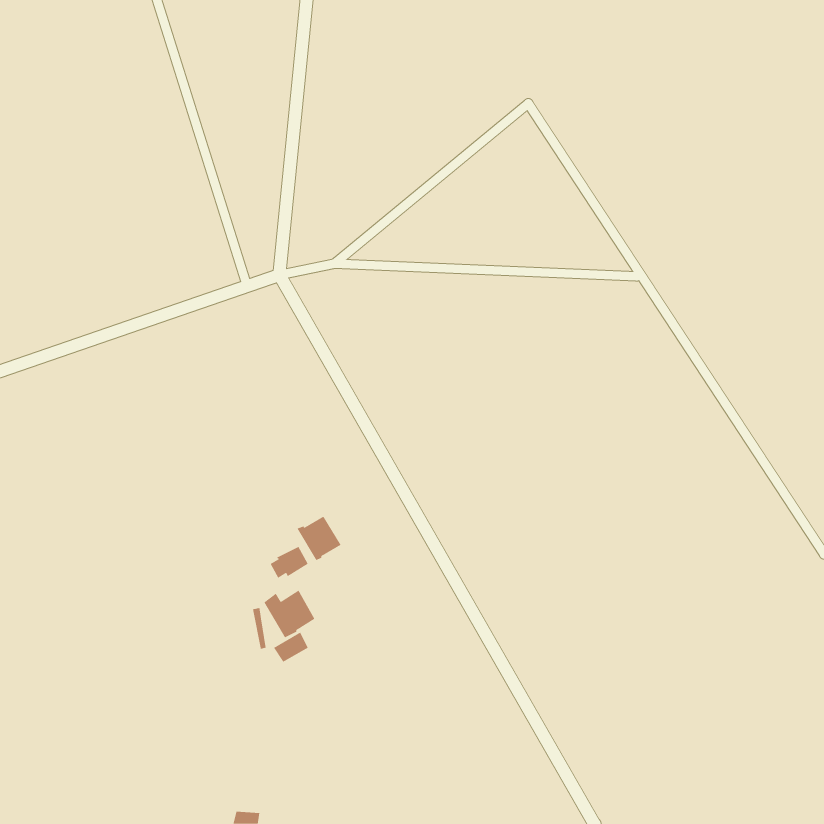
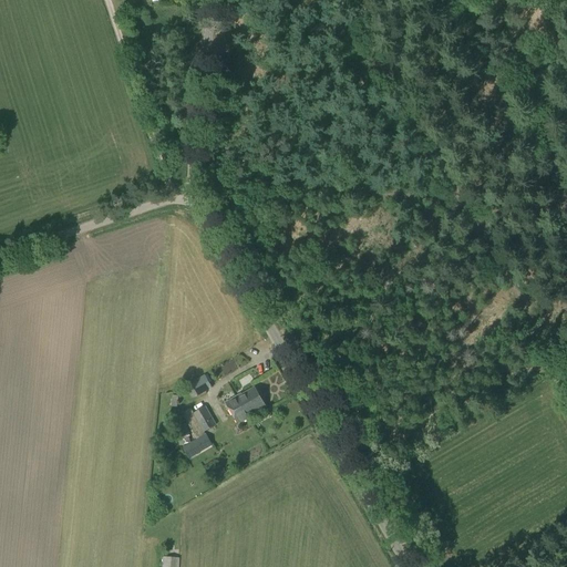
building: [296,516,342,561] -> [235,386,266,417]

